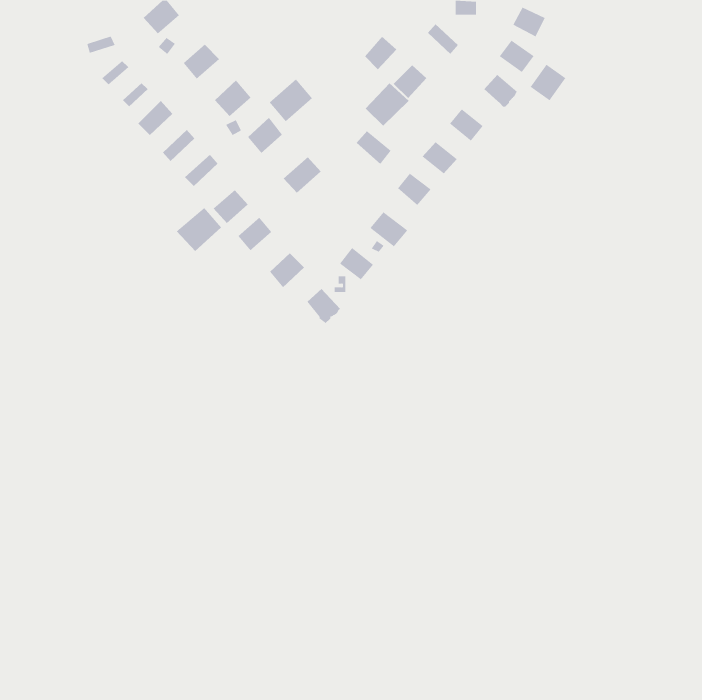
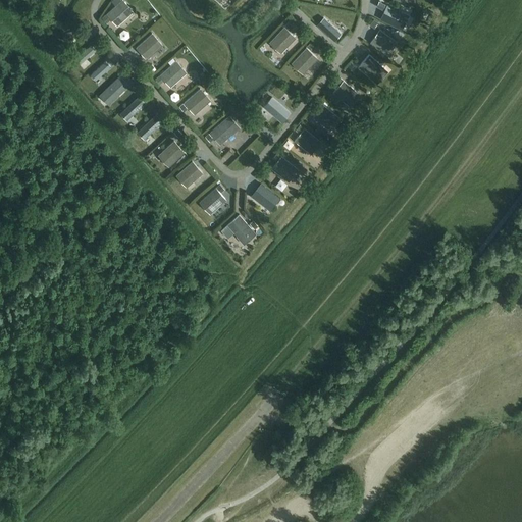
building: [530,64,566,101] -> none
building: [269,79,313,122] -> none
building: [365,82,410,127] -> none
building: [176,207,222,252] -> none

